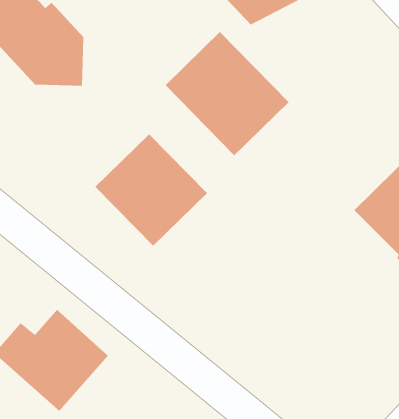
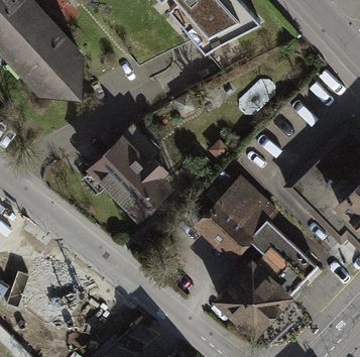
building: [165,31,289,156] -> none
building: none -> [200,178,317,333]

